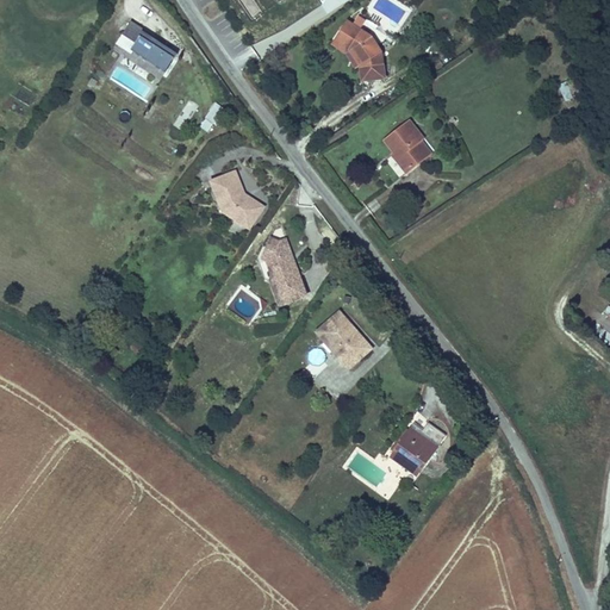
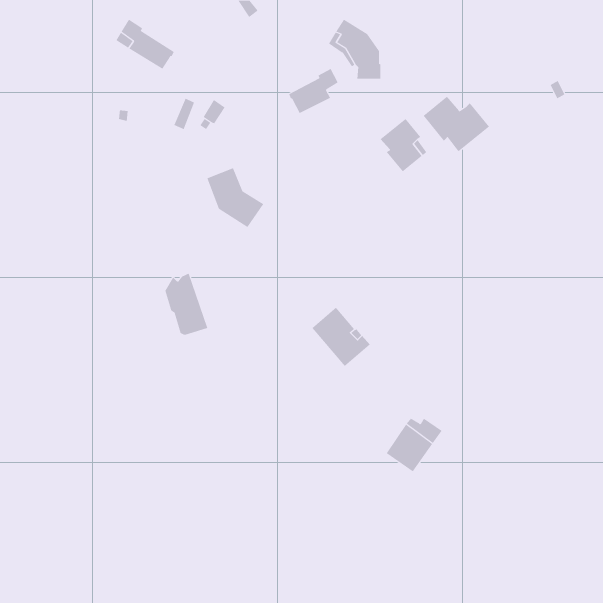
building: none -> [288,68,338,114]
building: none -> [423,96,490,152]
building: [261,238,305,301] -> [165,273,208,335]

